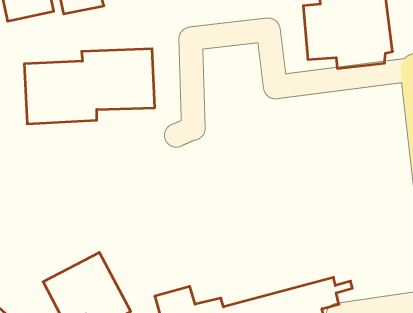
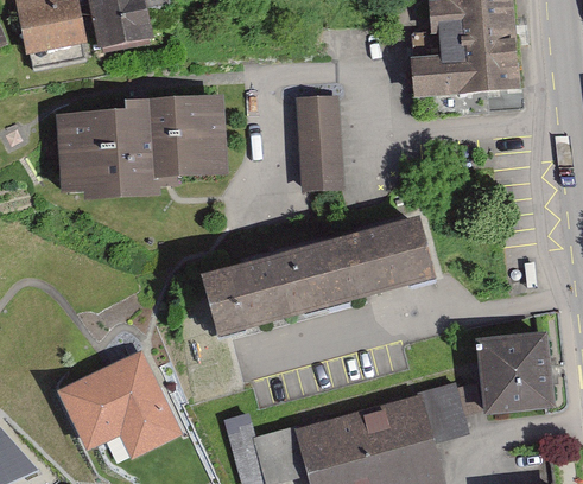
building: none -> [297,101,348,196]
building: none -> [203,216,430,329]
building: none -> [473,325,552,409]

